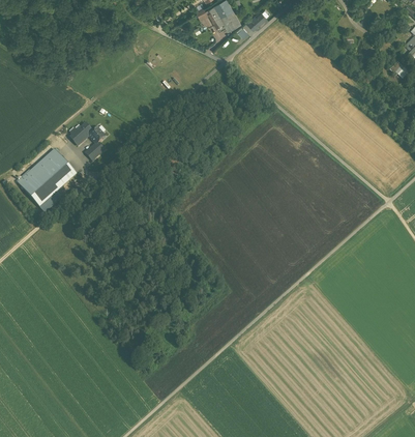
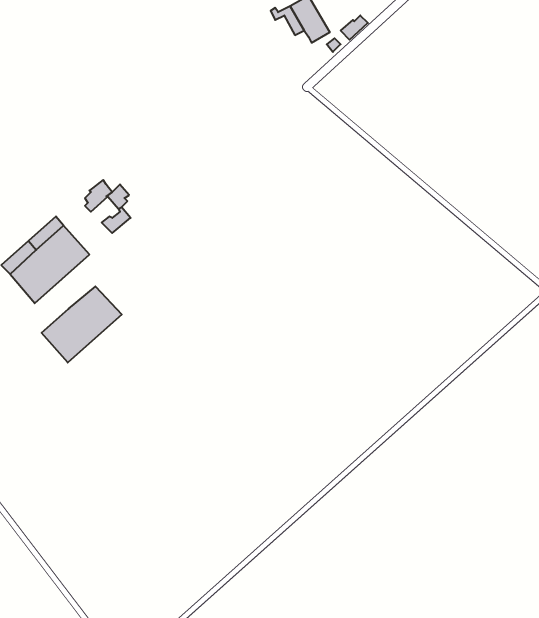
building: none -> [42,286,122,363]

